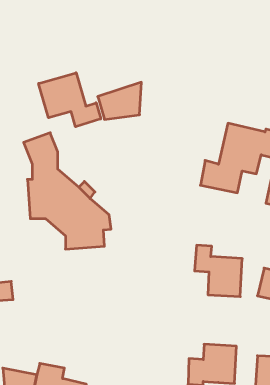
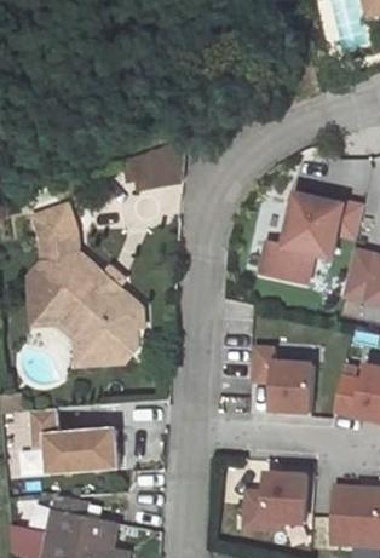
building: [39,73,101,127] -> none
building: none -> [27,263,137,367]
building: none -> [30,413,117,478]

